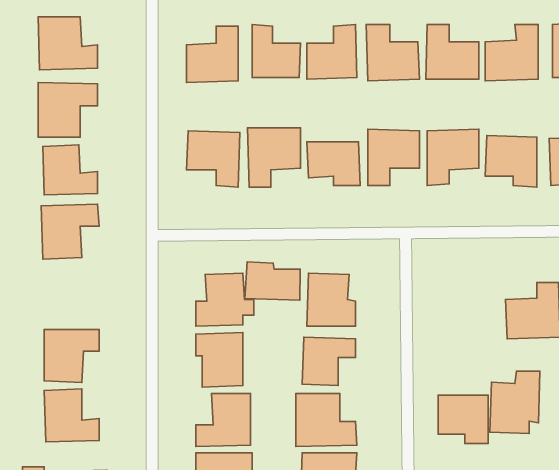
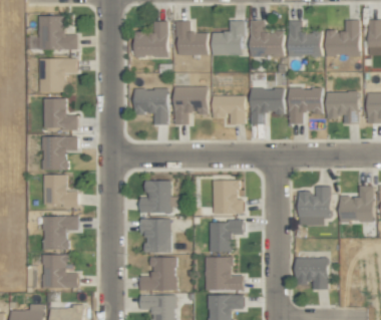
building: [245,262,300,300] -> none
building: none -> [43,174,78,206]
building: [490,371,540,434] -> [299,186,331,226]

